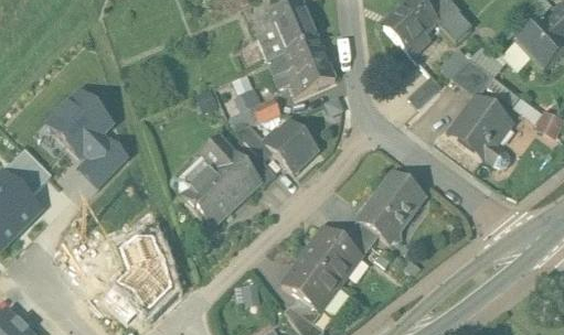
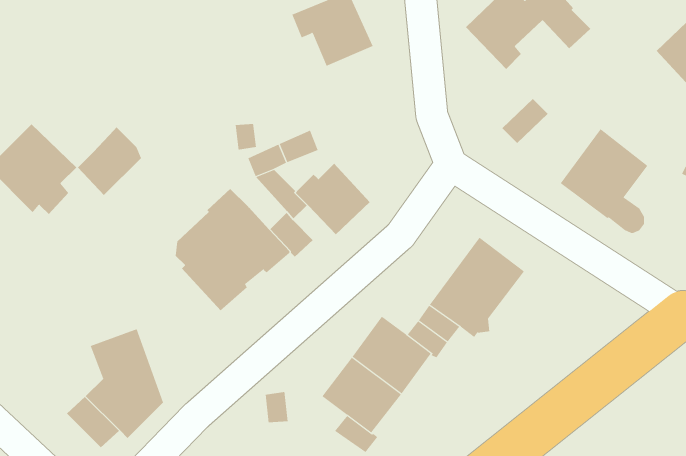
building: [268,39,336,96] -> none
building: [450,58,493,97] -> none
building: [81,139,126,187] -> [77,127,142,196]

